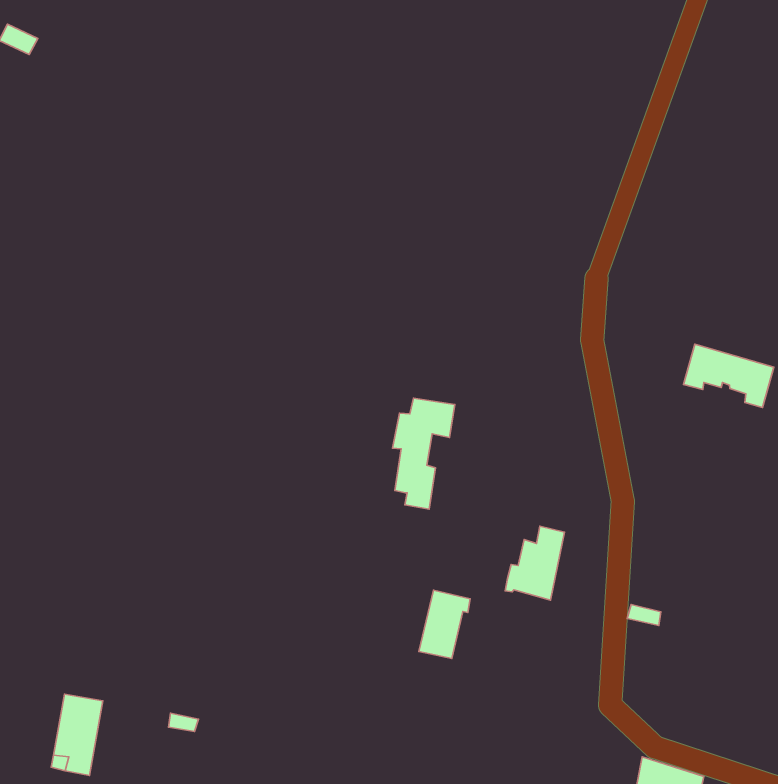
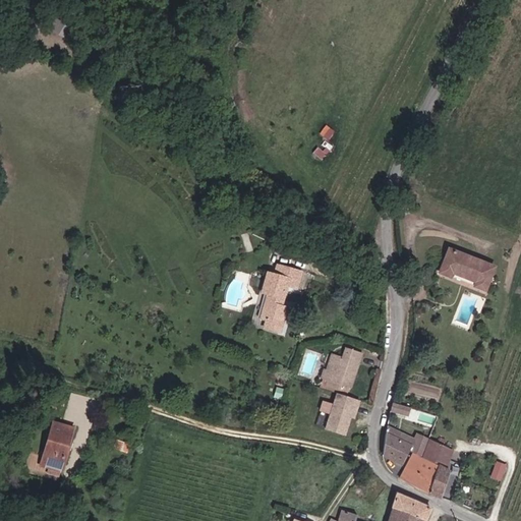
building: [419,590,470,659] -> [326,393,359,435]
building: none -> [384,432,412,464]
building: none -> [401,439,453,497]

